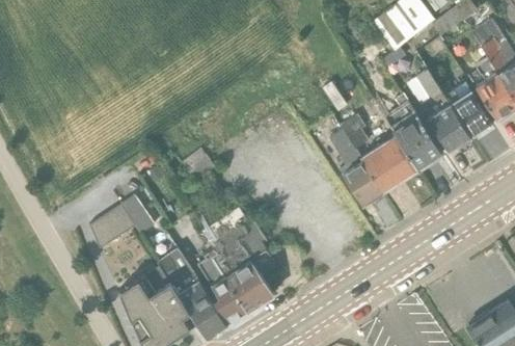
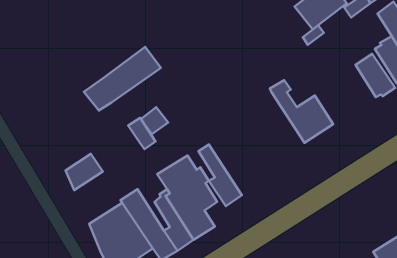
building: [408,69,471,149] -> none
building: none -> [84,47,161,111]
building: [385,94,443,168] -> none
building: [330,129,383,205] -> [199,144,242,206]
building: [121,195,155,234] -> [128,118,155,149]

